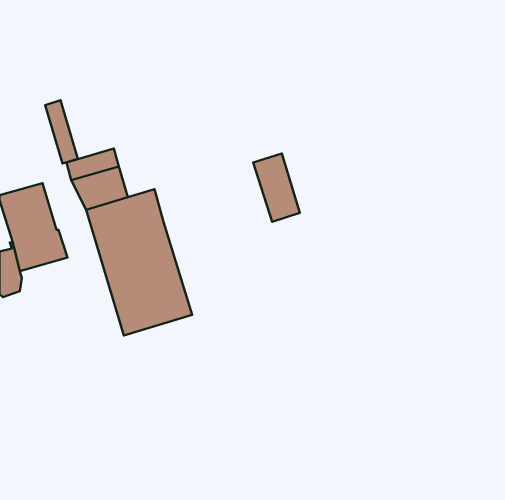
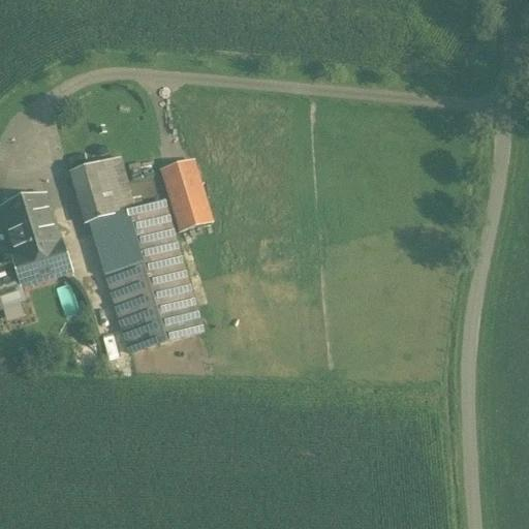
building: [45,100,78,164] -> none
building: [253,153,300,222] -> [160,157,209,228]

